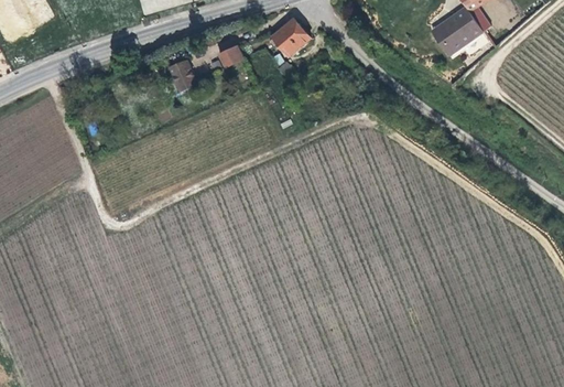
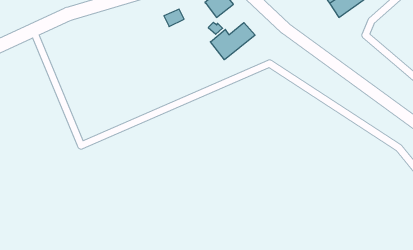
building: [170,60,197,92] -> none
building: none -> [210,23,255,60]

